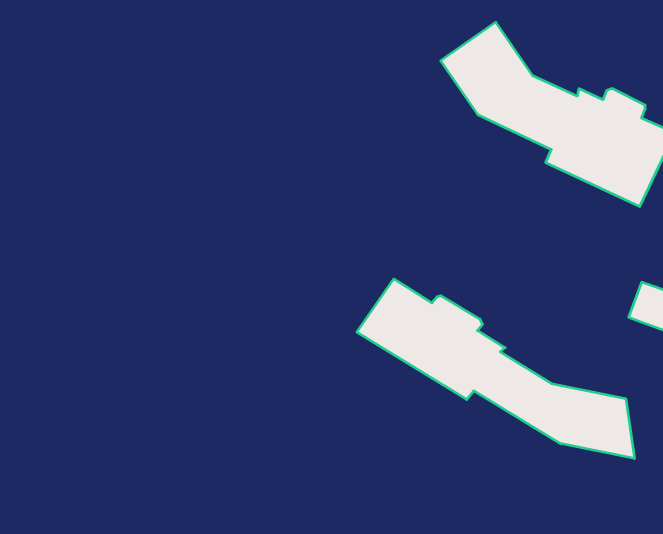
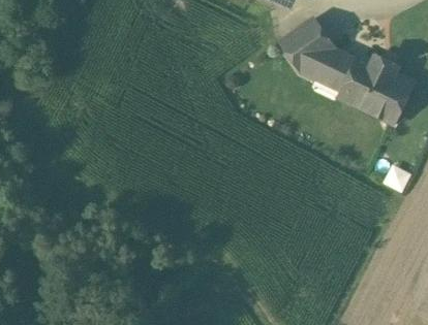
building: [357,279,634,459] -> none

